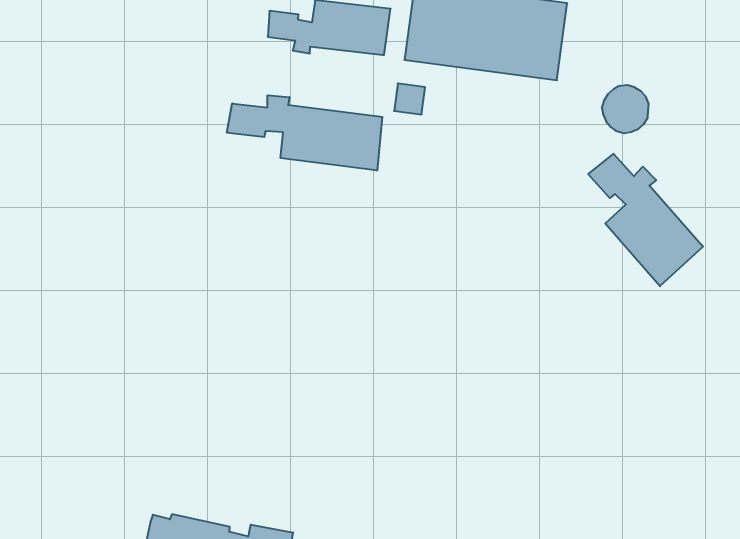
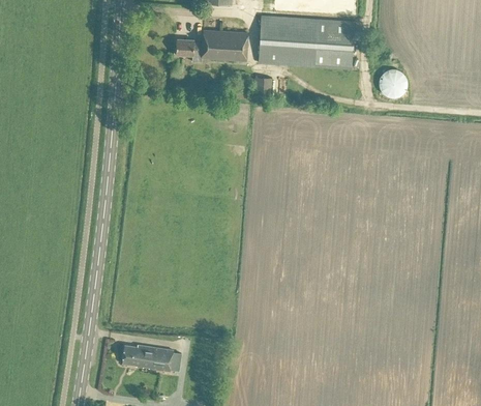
building: [227,95,382,171] -> none
building: [588,154,703,286] -> none

